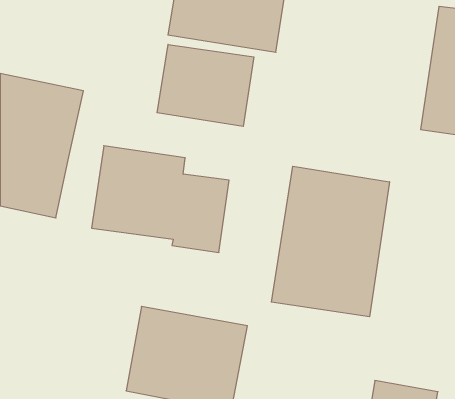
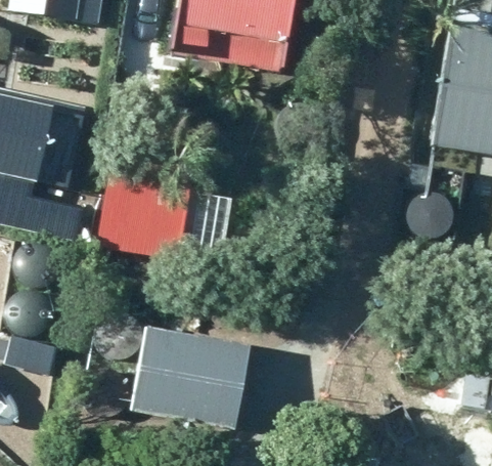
building: [157,44,254,126] -> none
building: [271,166,389,317] -> none

